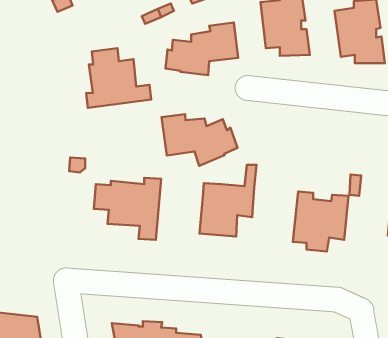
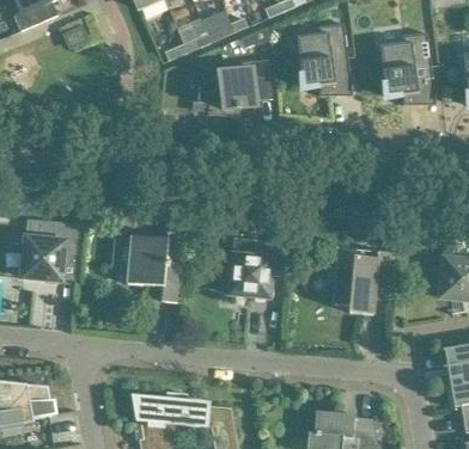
building: [86,48,151,108] -> none
building: [161,114,238,166] -> none
building: none -> [22,219,80,279]

